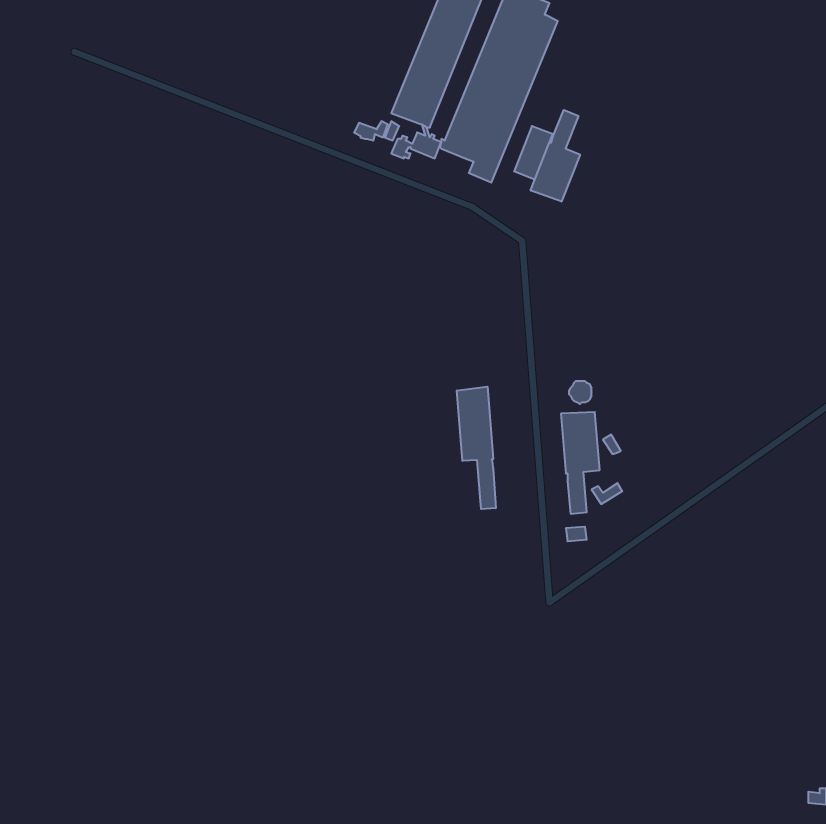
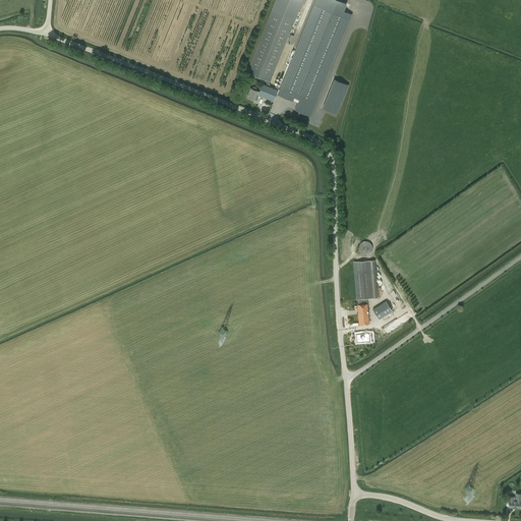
building: [531,110,580,202] -> none
building: [457,387,496,509] -> none

